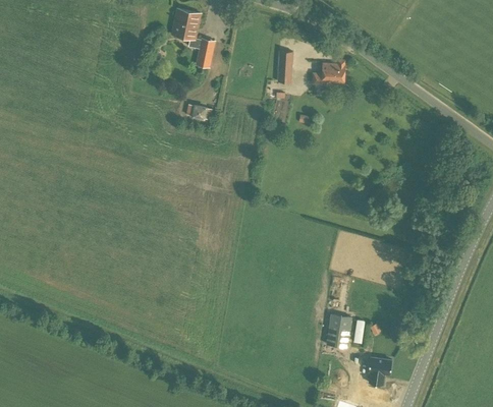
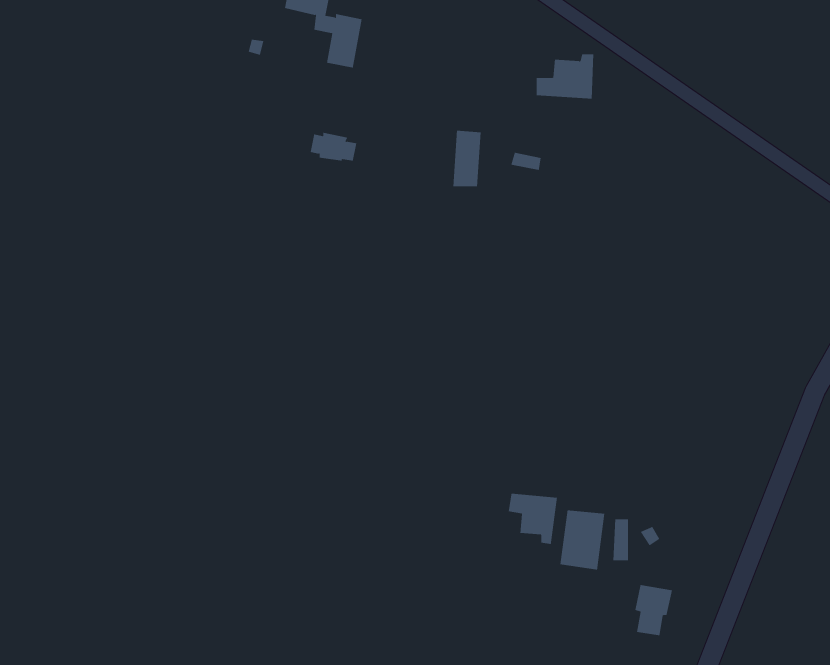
building: [277,50,293,81] -> [452,130,482,187]
building: none -> [508,493,557,545]

